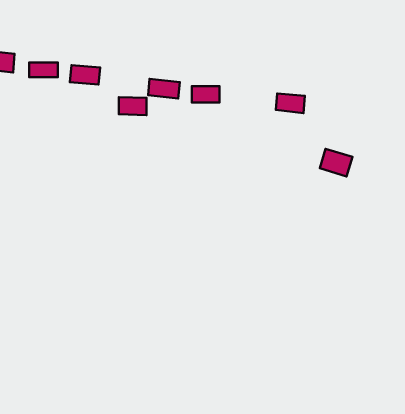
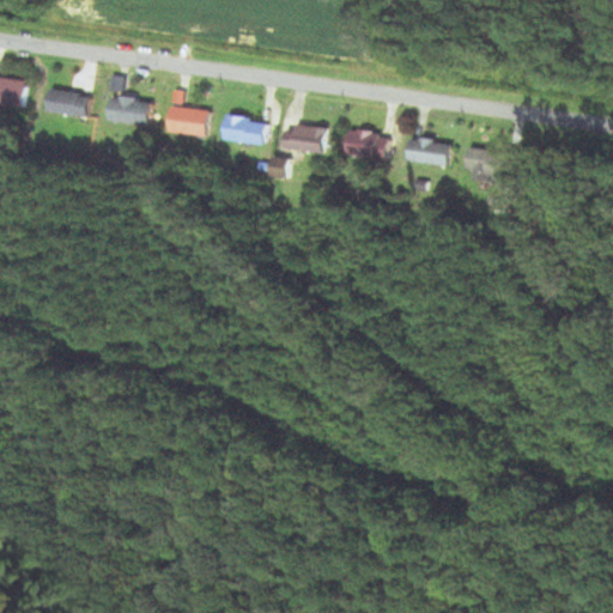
building: none -> [345,133,388,158]
building: [119,97,147,115] -> [164,108,205,134]
building: [320,149,352,176] -> [462,145,510,186]

